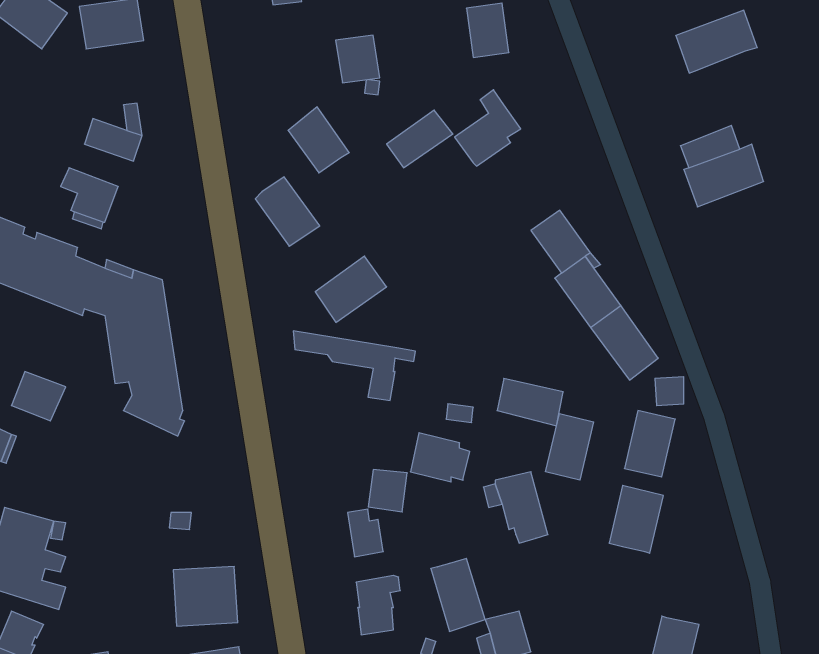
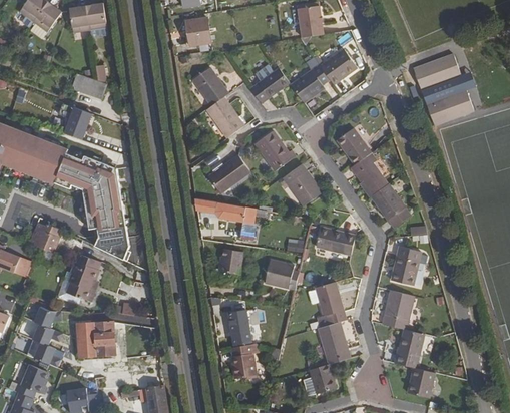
building: [676,10,757,73] -> [412,53,460,90]
building: [336,35,380,83] -> [184,17,210,45]
building: none -> [319,48,356,84]
building: [255,177,320,246] -> [205,96,243,137]
building: none -> [253,129,295,170]
building: none -> [282,163,322,205]
building: [546,414,594,480] -> none
building: none -> [65,253,100,302]
building: [368,470,407,512] -> [218,249,241,274]
building: none -> [393,329,423,368]
building: [431,558,485,631] -> [317,321,349,364]
building: [173,567,238,626] -> [76,321,114,356]

